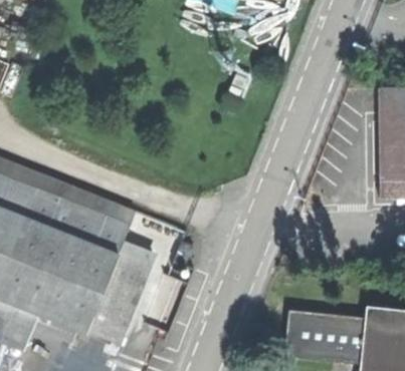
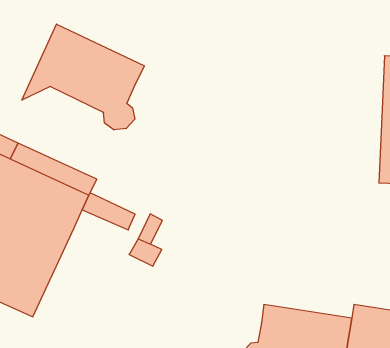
building: none -> [22,24,144,130]
building: [85,253,150,345] -> none

